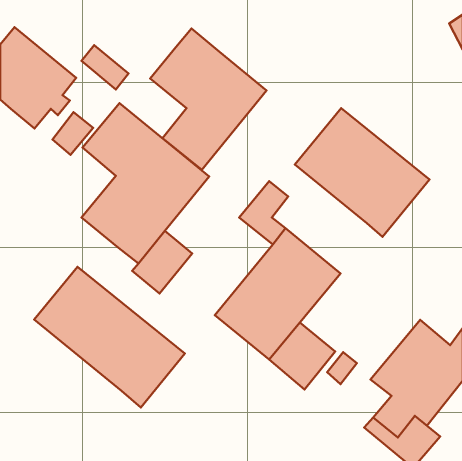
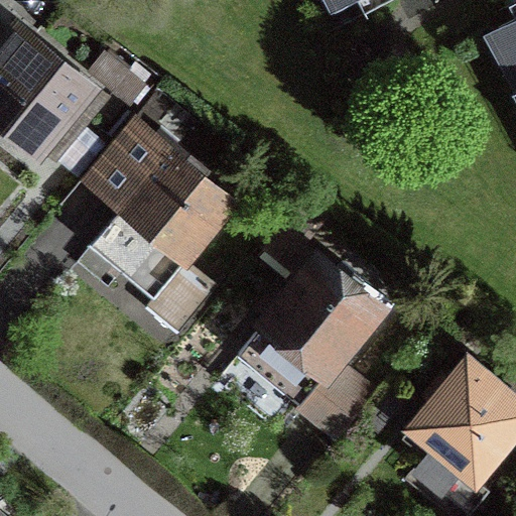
building: [150,29,267,170] -> none
building: [295,108,429,237] -> none
building: [34,267,185,407] -> none

